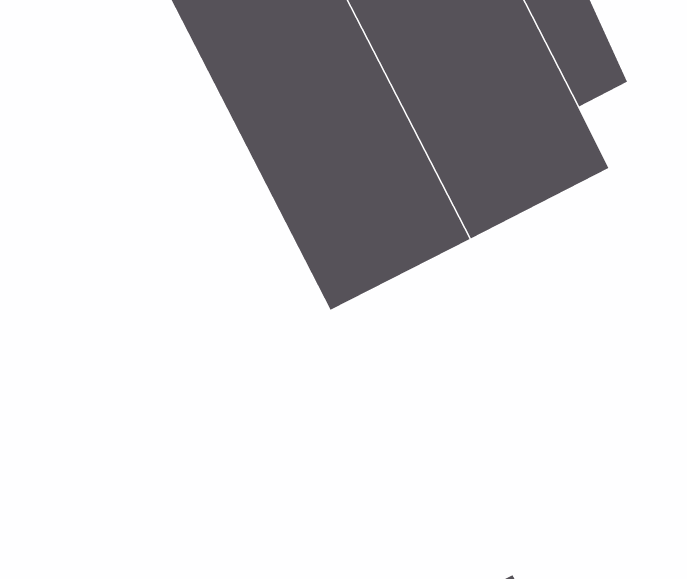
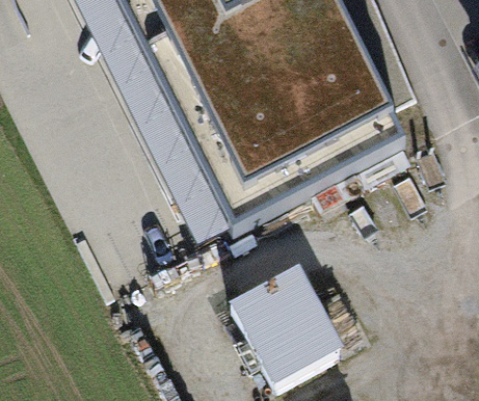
building: none -> [231,264,340,380]

